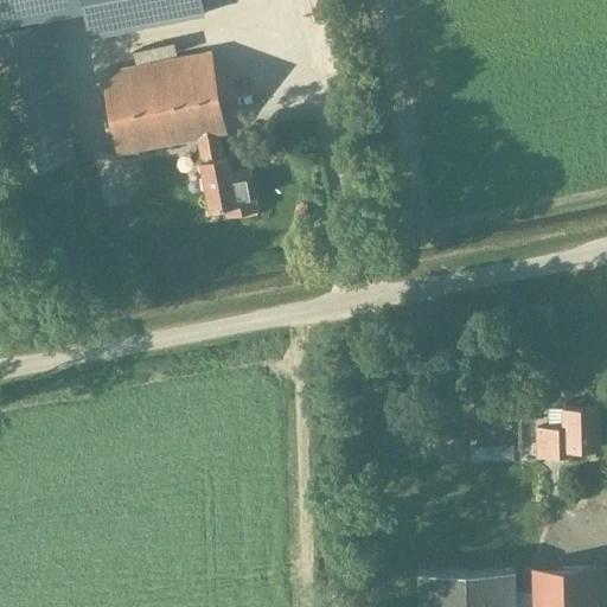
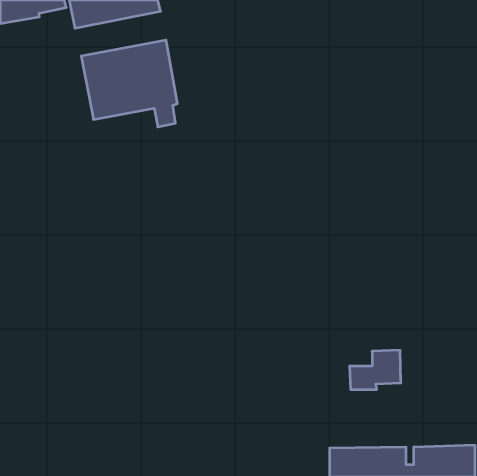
building: [200,158,257,217] -> none
building: [535,407,600,456] -> [350,350,401,389]

